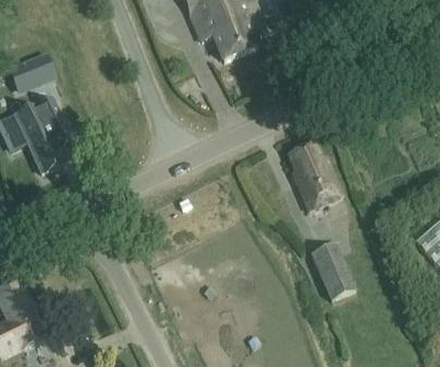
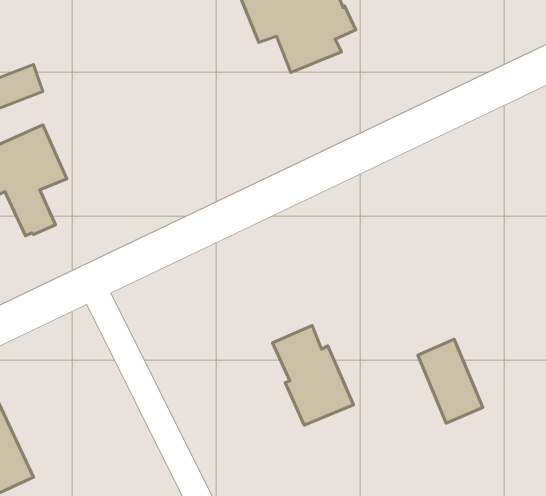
building: [286,143,342,211] -> [272,325,353,425]

